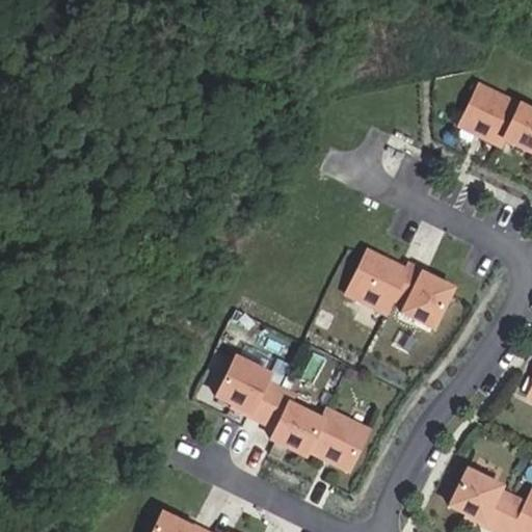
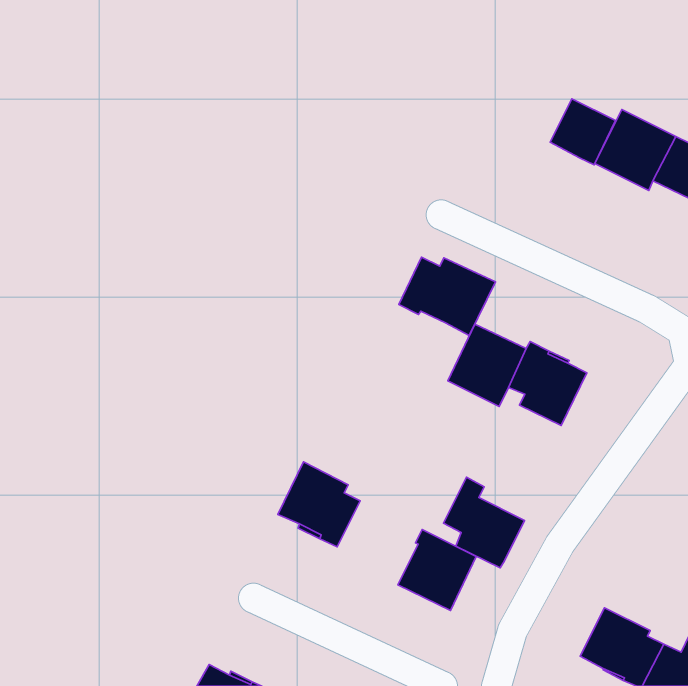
building: none -> [550,99,615,165]
building: none -> [399,257,496,335]
building: [261,385,323,455] -> [444,477,525,568]

